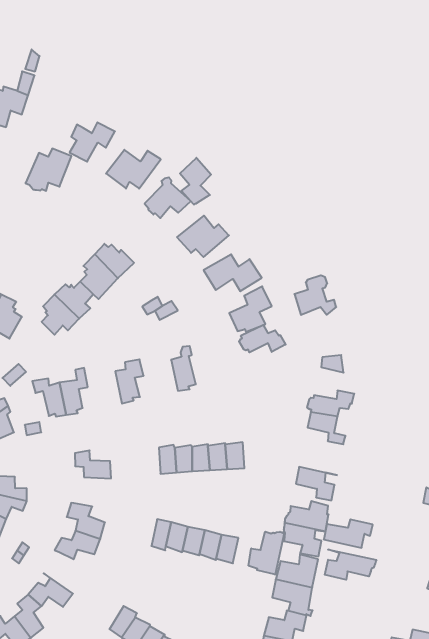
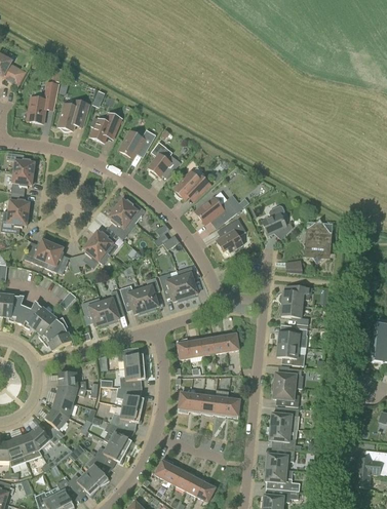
building: [25,149,71,191] -> [57,100,88,130]
building: [180,158,211,205] -> none
building: none -> [306,219,332,263]
building: [239,325,286,352] -> none
building: none -> [159,272,186,302]
building: none -> [120,285,147,314]
building: none -> [119,366,146,388]
building: [324,519,373,548] -> [278,327,312,347]
building: [249,532,284,575] -> none
building: [325,550,376,580] -> none
building: none -> [104,423,132,452]

